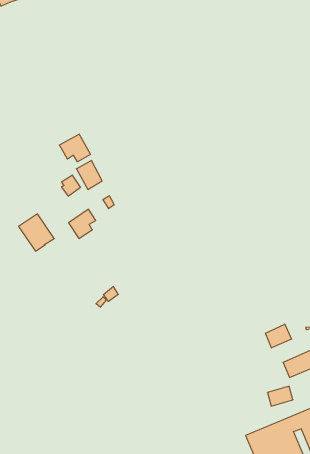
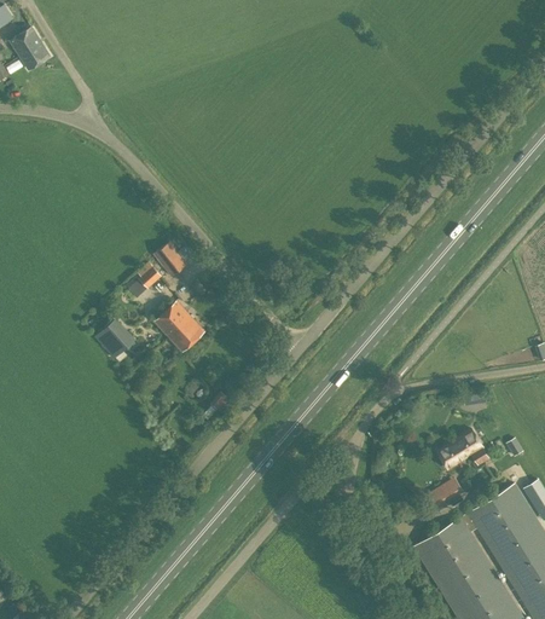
building: [59,134,90,162] -> none
building: none -> [169,313,204,352]
building: [266,324,291,348] -> none

